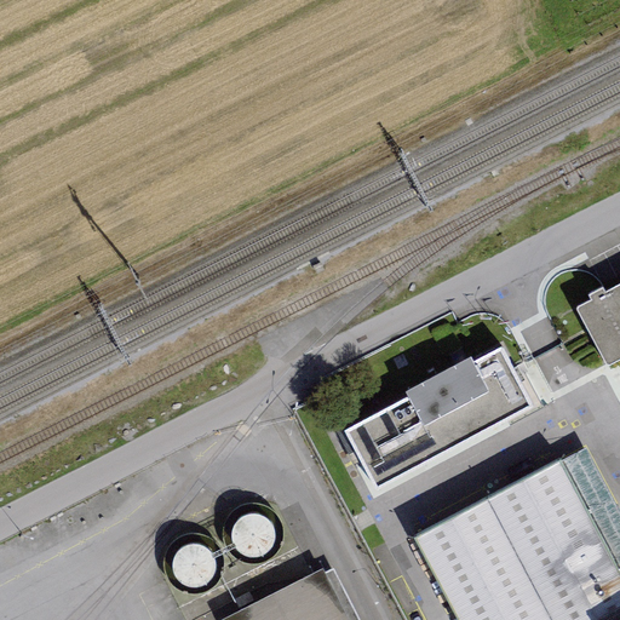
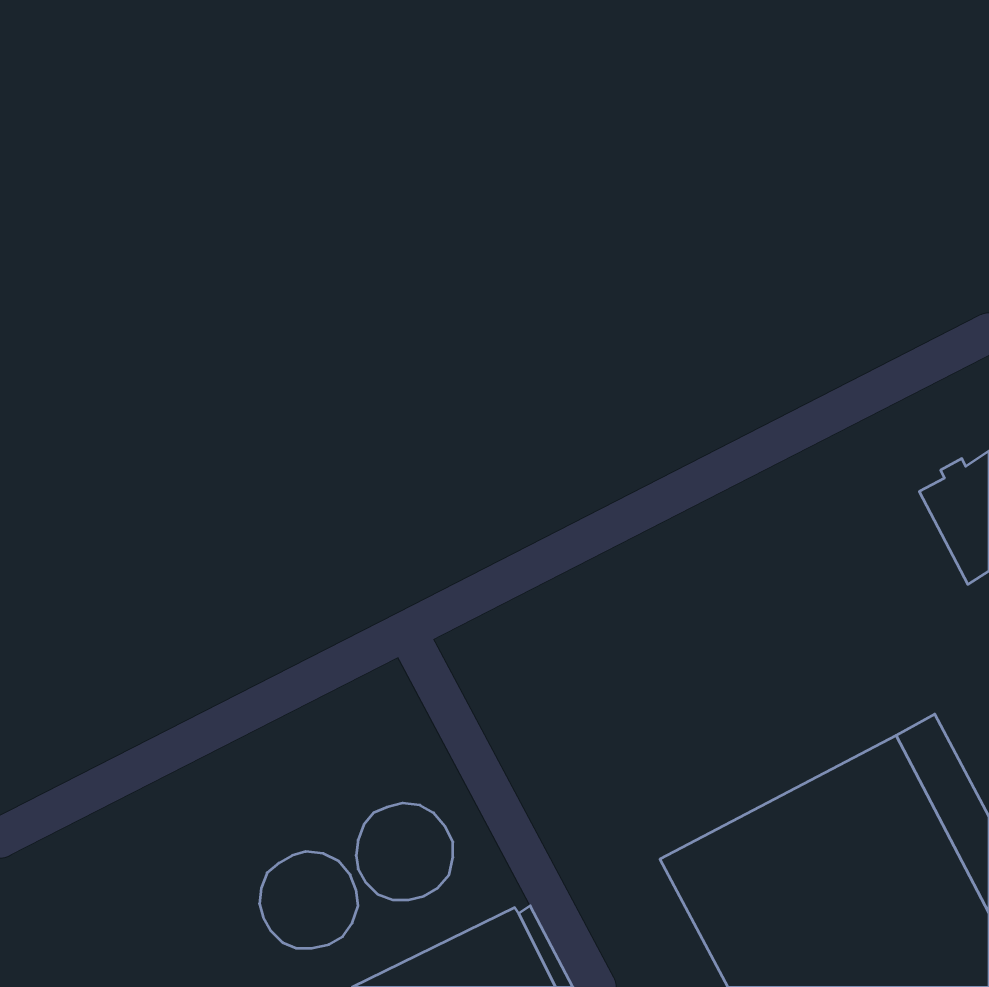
building: [346,346,530,488] -> none

